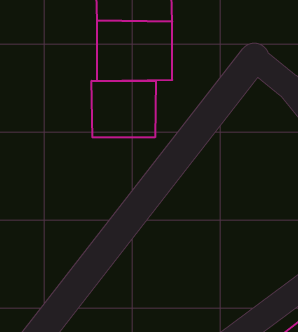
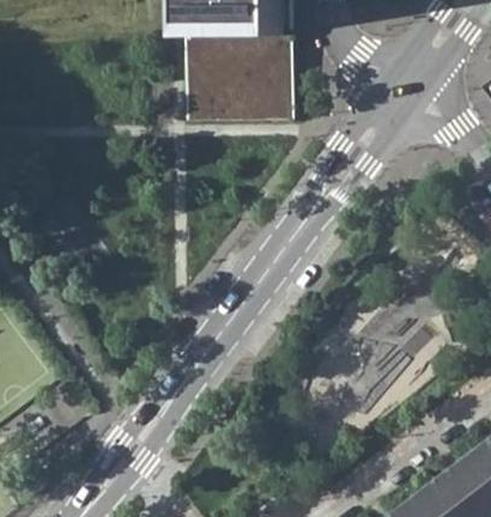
building: [92,81,156,137] -> none

